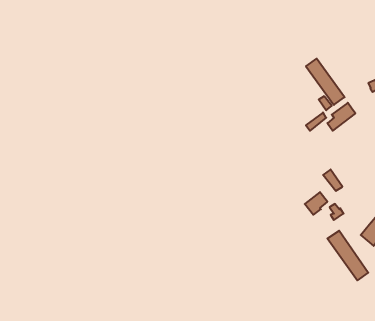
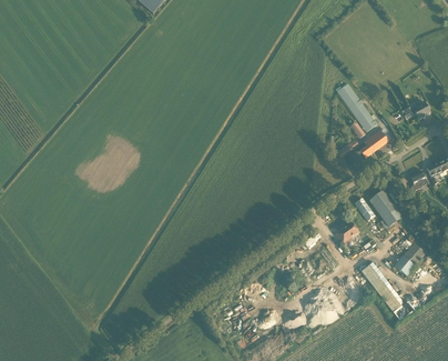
building: none -> [368,189,401,228]

